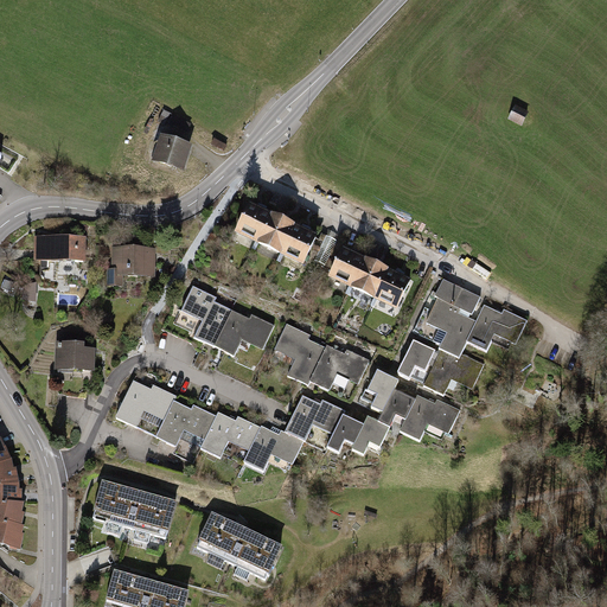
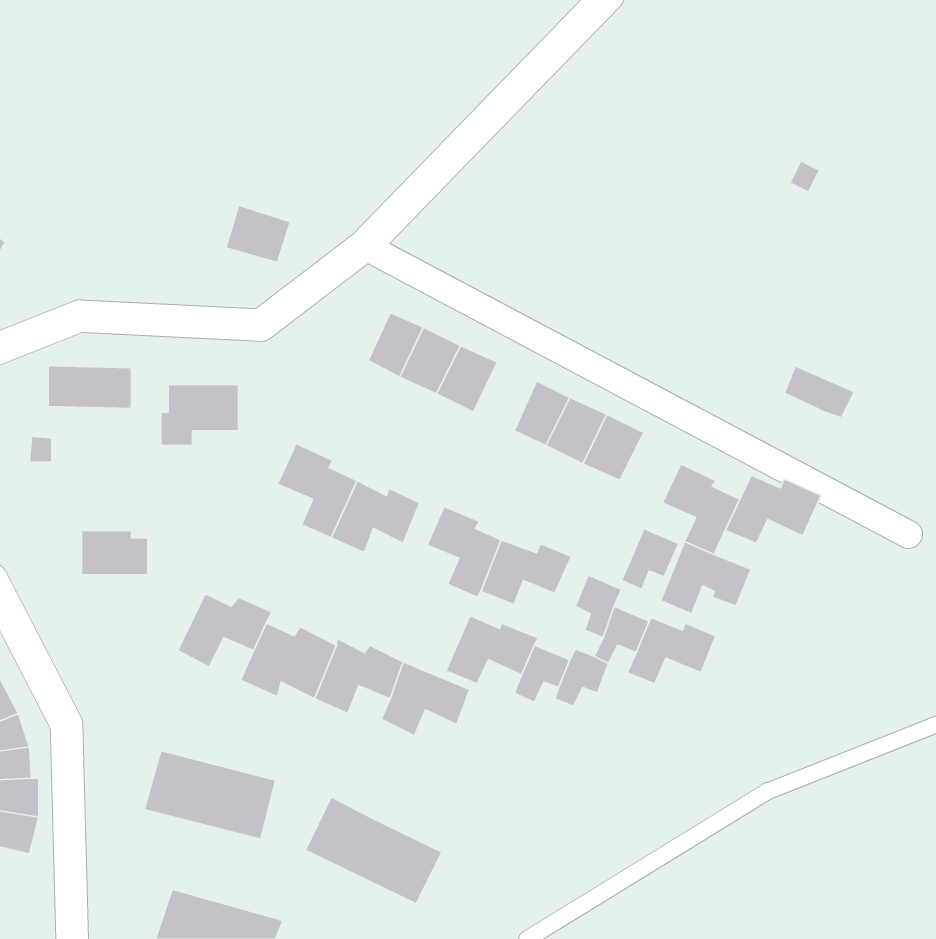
building: [433,279,478,312] -> [784,366,854,418]

